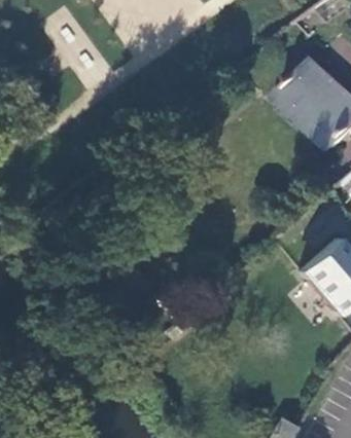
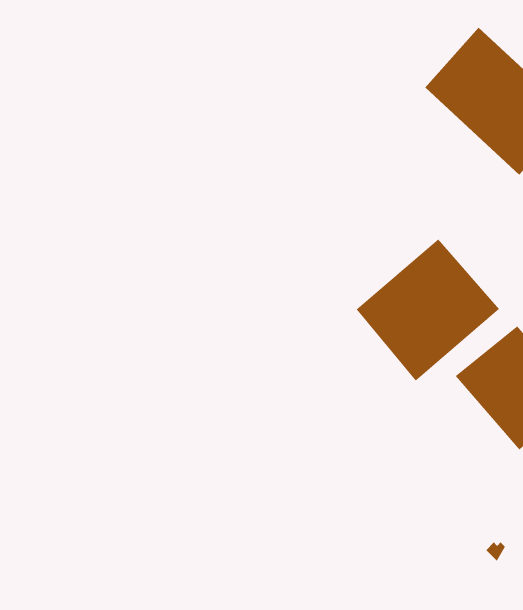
building: none -> [356,238,500,381]

